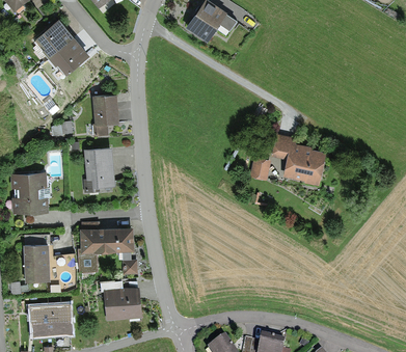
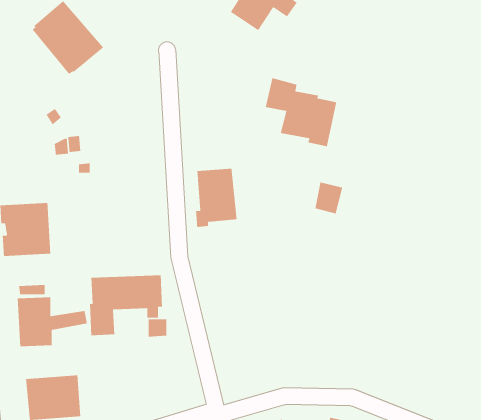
building: [91,92,119,136] -> none
building: [271,133,326,186] -> [265,77,337,147]
building: [83,146,115,192] -> [195,168,238,228]
building: [100,279,142,320] -> none

